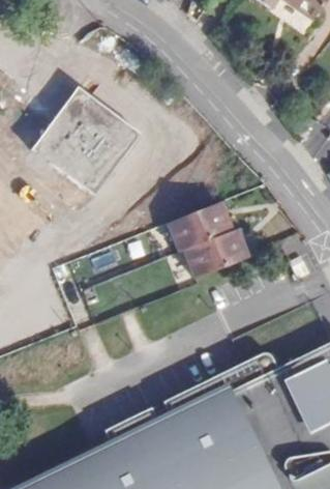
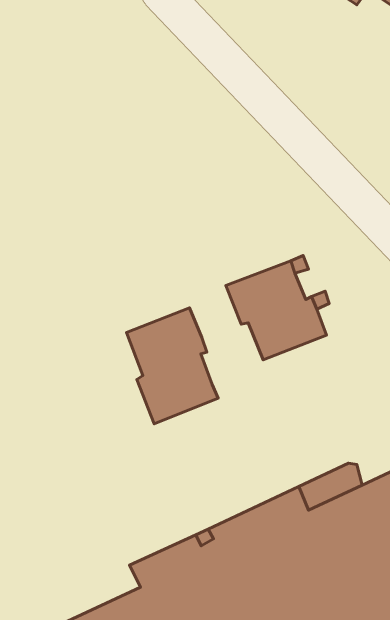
building: [30,87,140,195] -> none
building: none -> [127,308,218,424]

